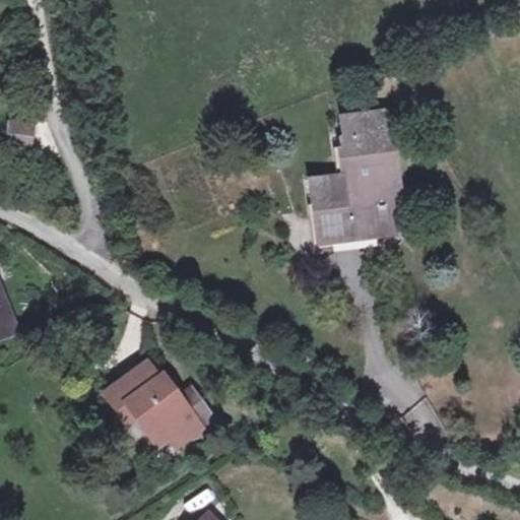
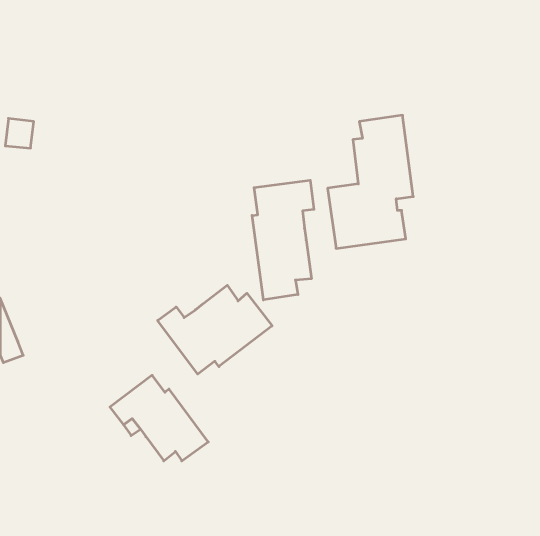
building: none -> [252,180,314,300]
building: none -> [158,285,272,374]

